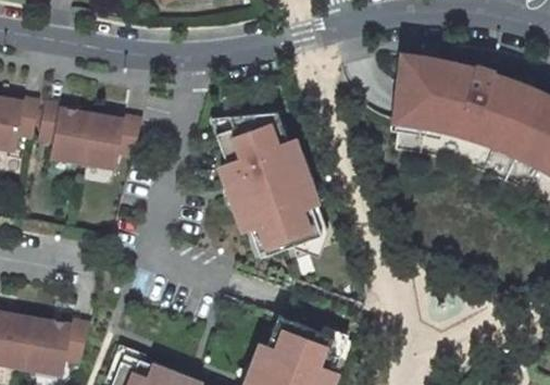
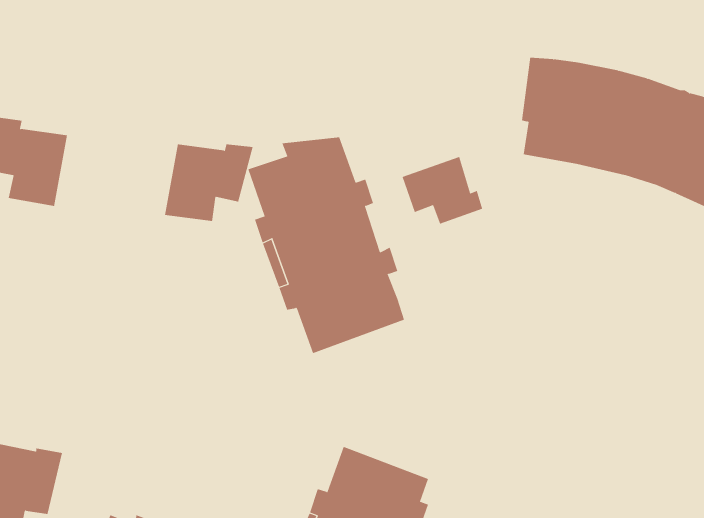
building: [83,109,142,161] -> [164,144,253,222]
building: none -> [402,156,483,225]

